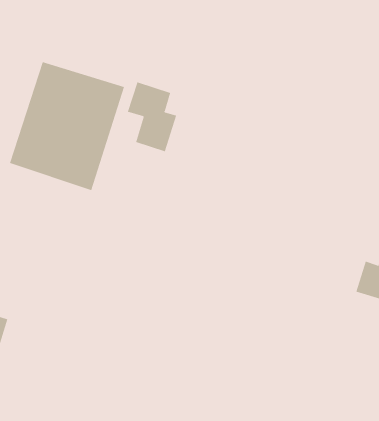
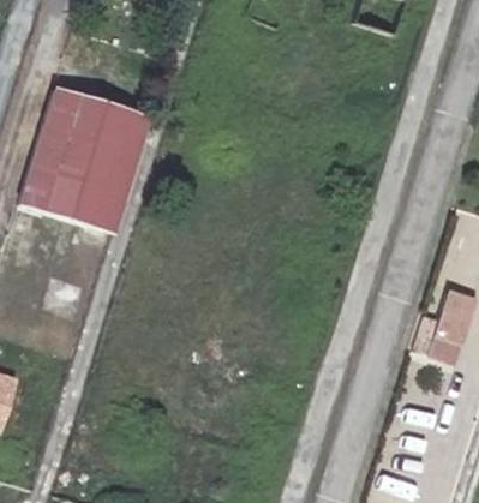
building: [127,82,177,152] -> none

